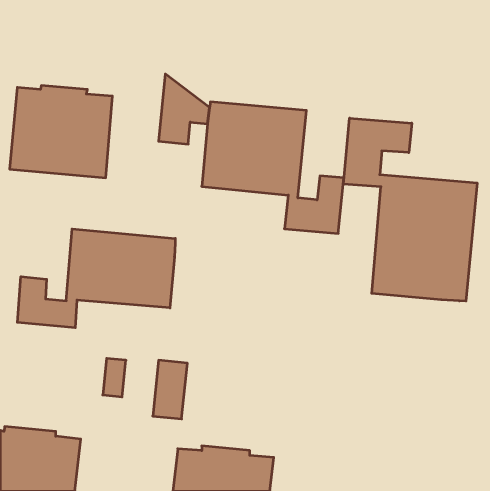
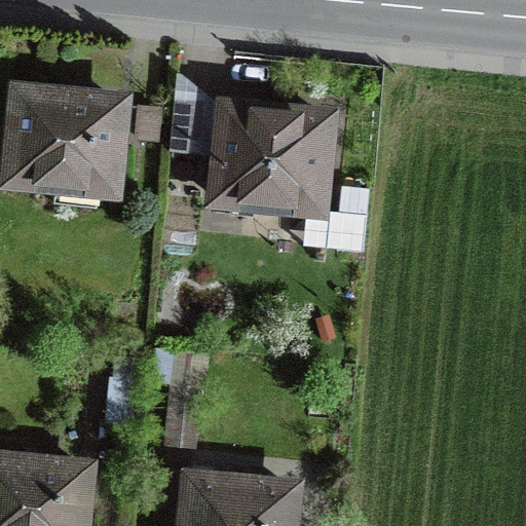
building: [343,118,477,301] -> none
building: [17,229,175,328] -> none

